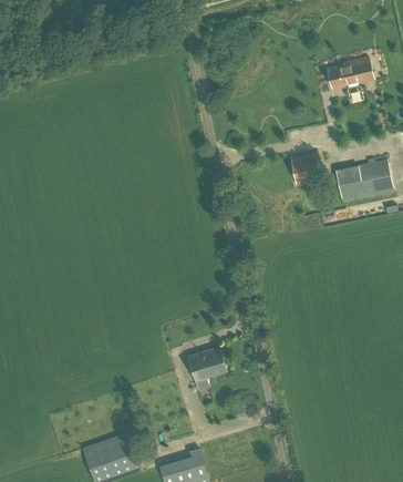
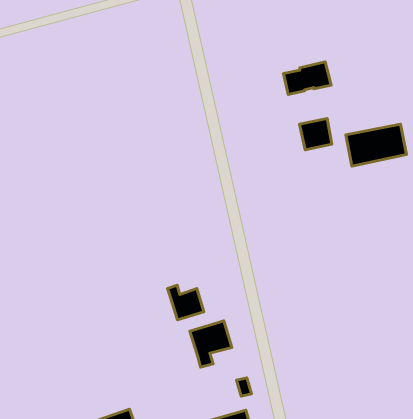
building: [327,58,372,89] -> [283,62,331,94]
building: none -> [168,285,204,320]

